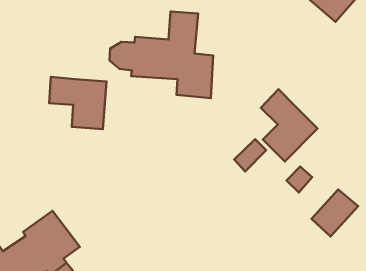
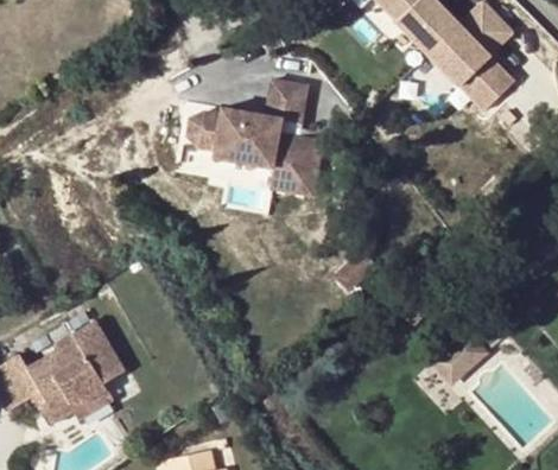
building: [49,77,106,129] -> none
building: [261,89,318,161] -> none

